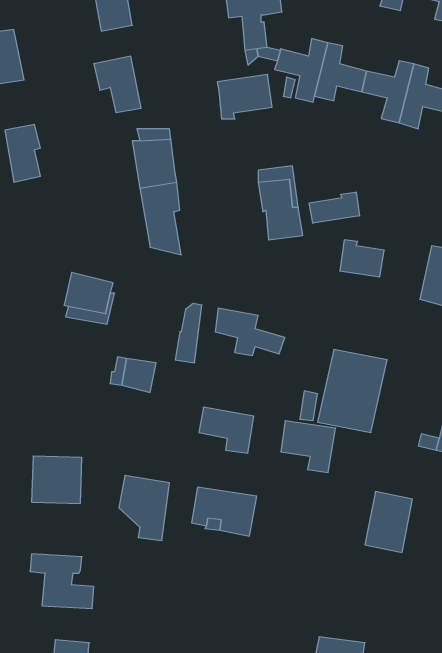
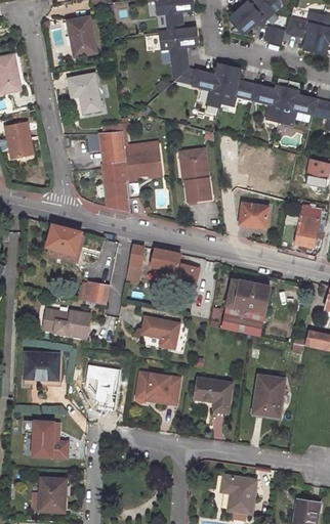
building: [217,74,272,119] -> [124,150,162,181]
building: [309,192,360,223] -> none
building: none -> [43,310,90,340]
building: [281,421,336,473] -> [195,379,233,414]

